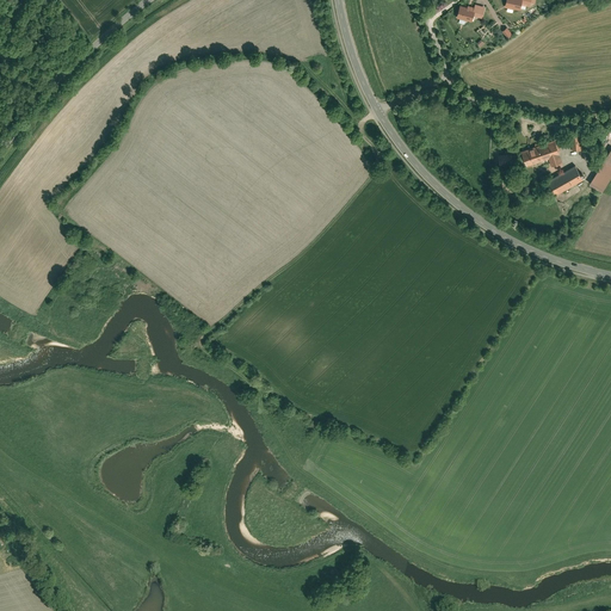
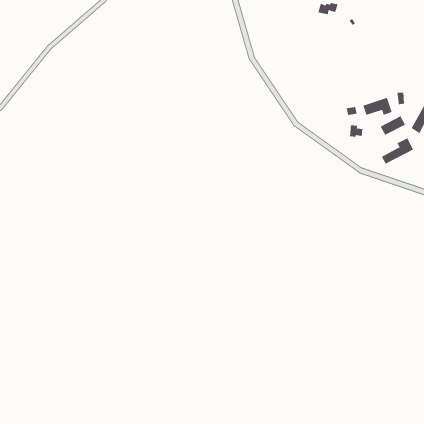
building: none -> [381,137,414,165]

